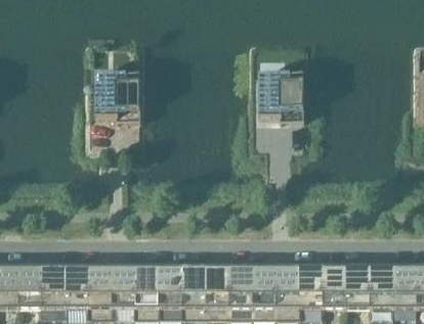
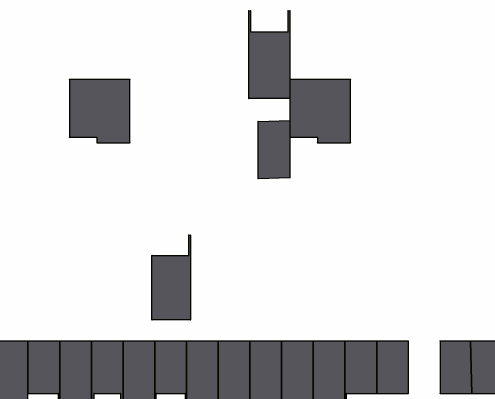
building: none -> [249,11,290,99]
building: none -> [258,120,290,179]
building: none -> [152,235,190,320]
building: [346,268,370,307] -> none

